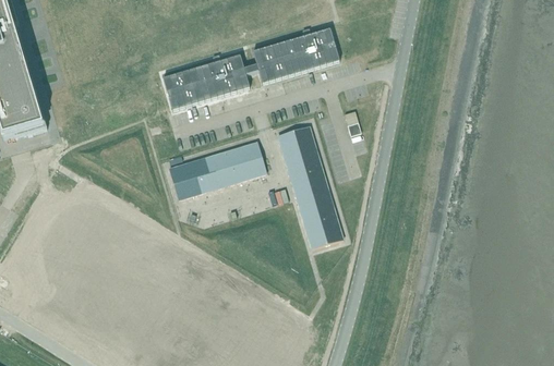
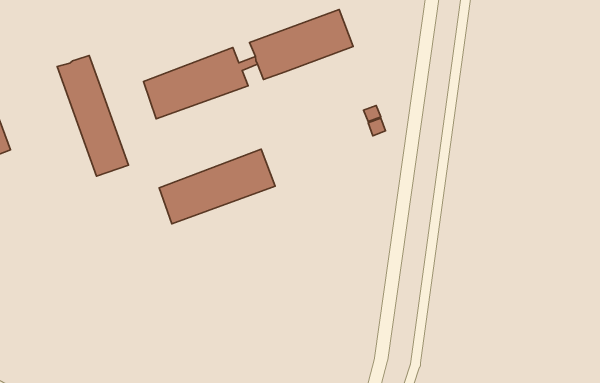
building: none -> [57,56,129,176]
building: [277,125,342,247] -> none

